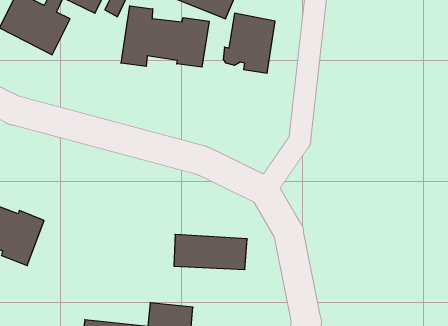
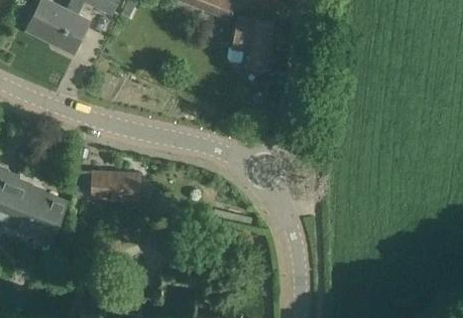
building: [121,6,209,67] -> none
building: [174,234,247,269] -> [76,171,141,202]

